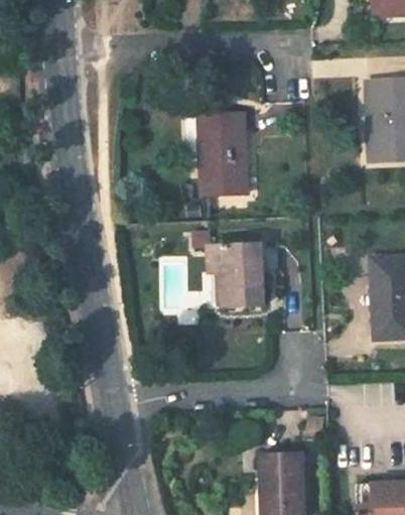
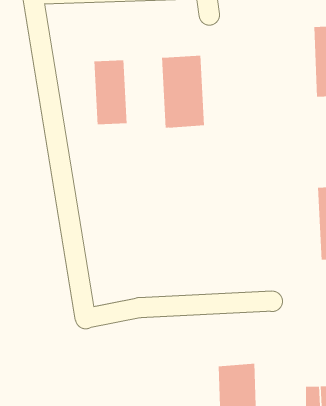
building: none -> [94,59,127,125]
building: [209,245,263,308] -> none

